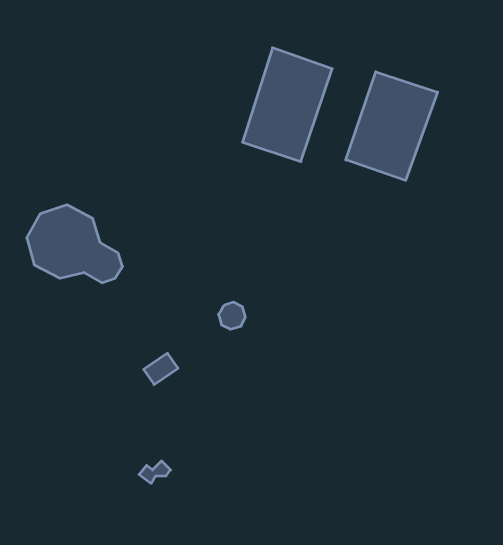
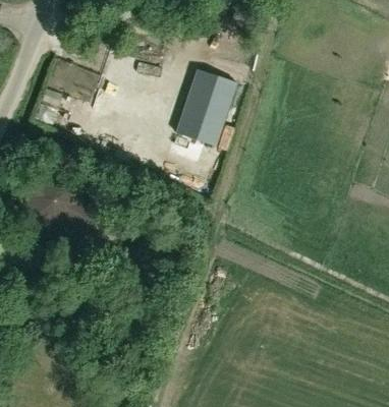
building: [346,72,438,180] -> none

